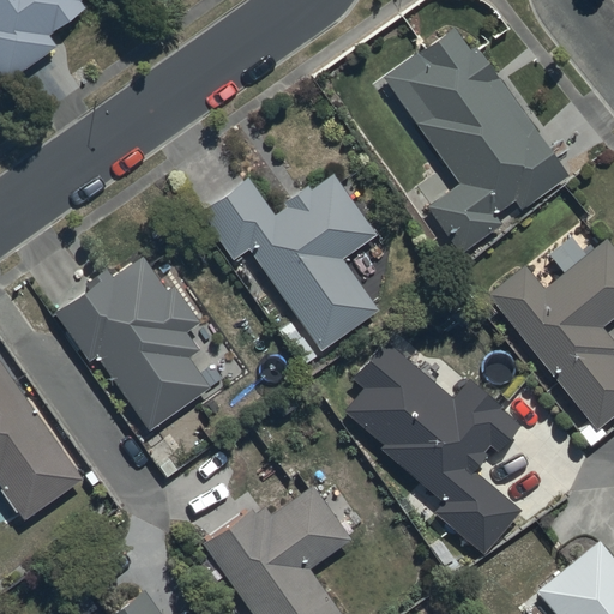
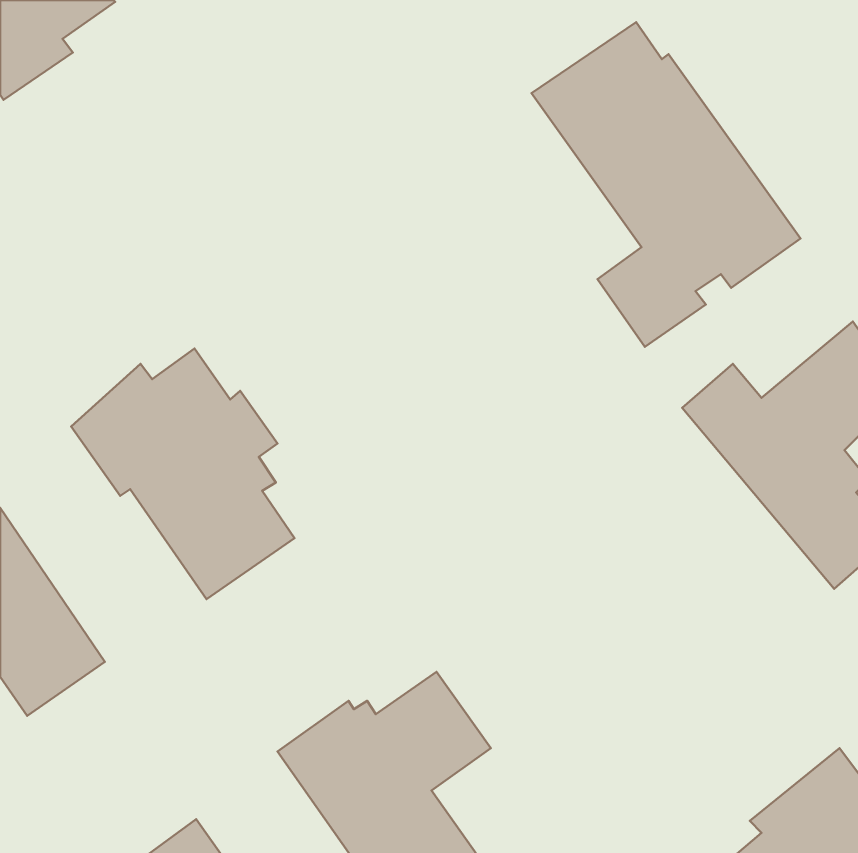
building: [201,173,380,353] -> none
building: [345,343,522,555] -> none

